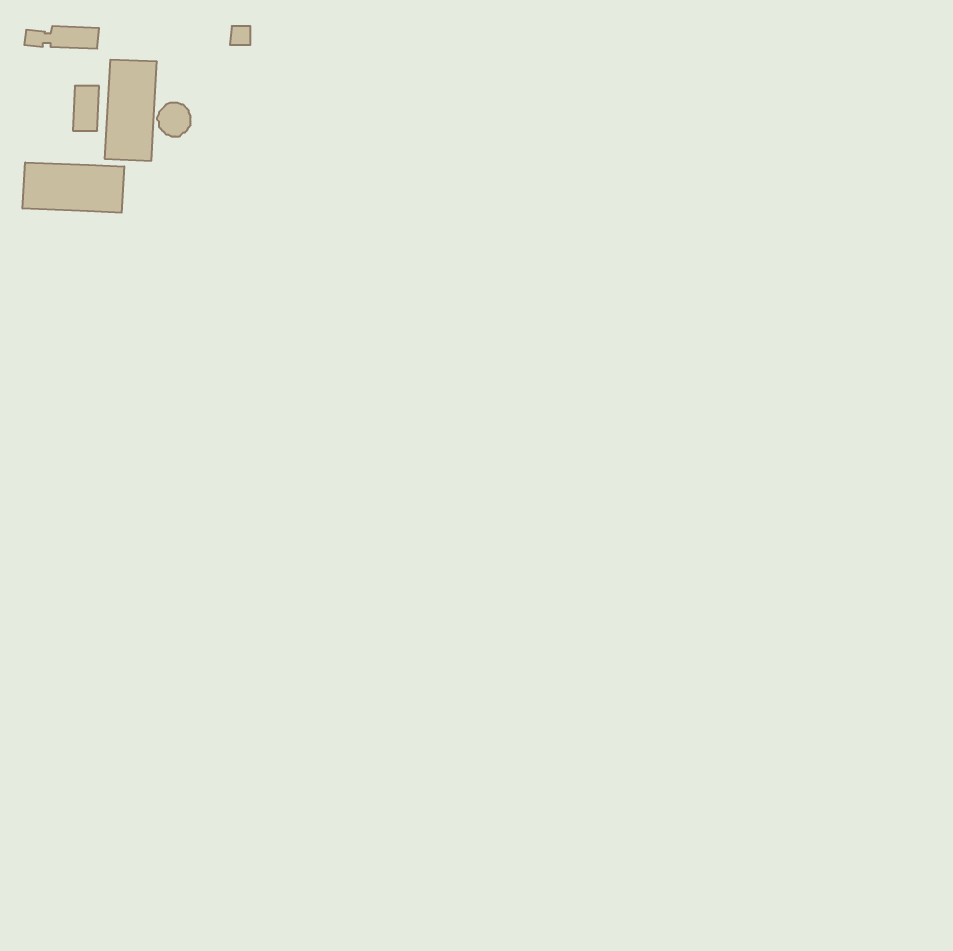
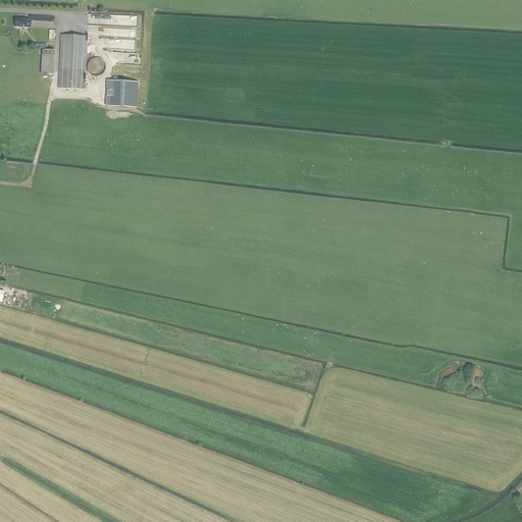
building: none -> [105,79,137,105]
building: [23,162,124,213] -> none

